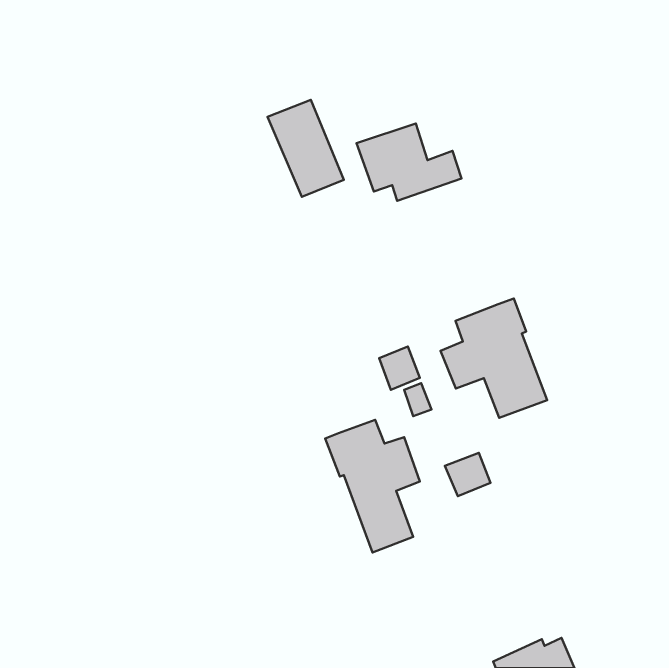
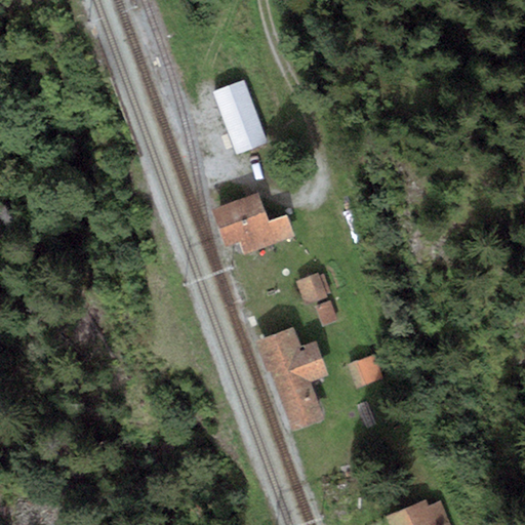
building: [357,123,462,201] -> [212,194,294,254]
building: [440,299,547,418] -> none

